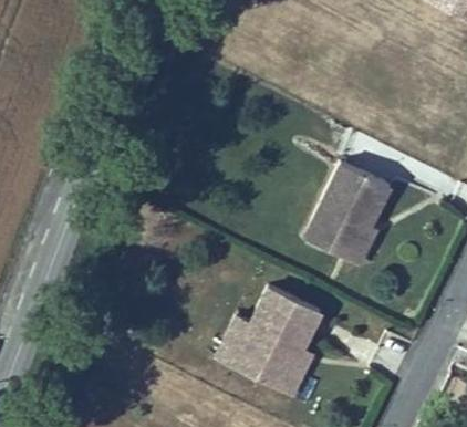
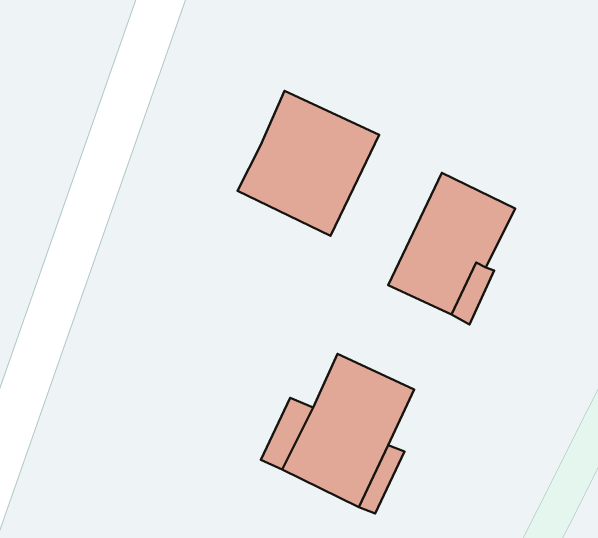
building: none -> [237,91,379,236]

